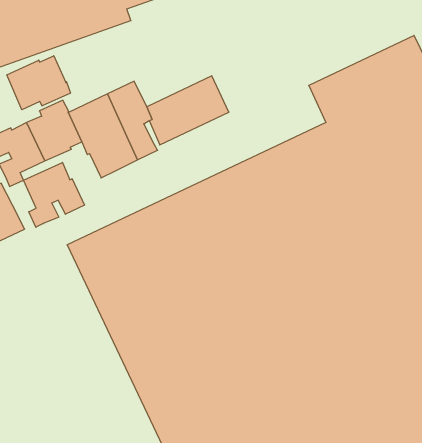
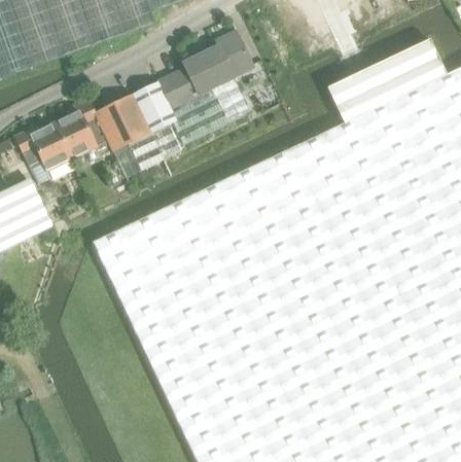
building: none -> [157,32,252,107]
building: [7,56,70,110] -> none
building: [23,162,84,227] -> none

